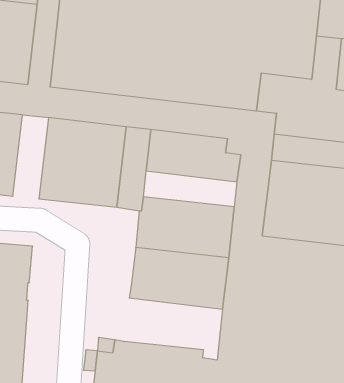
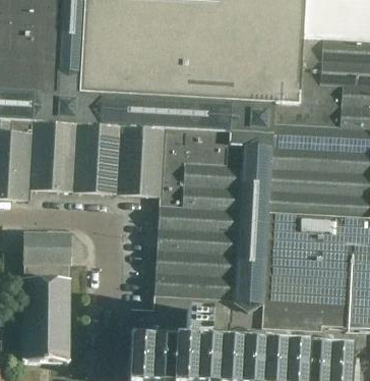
building: none -> [50,120,76,192]
building: none -> [162,162,241,188]
building: none -> [152,272,235,321]

